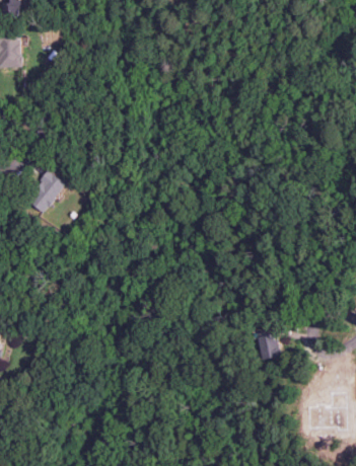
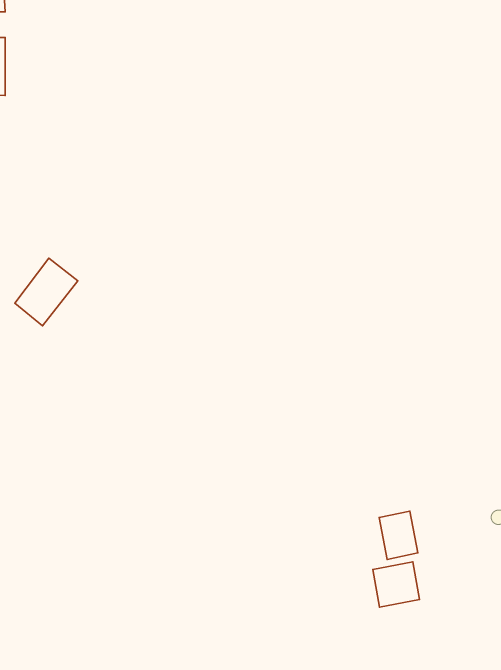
building: none -> [373,562,419,607]

